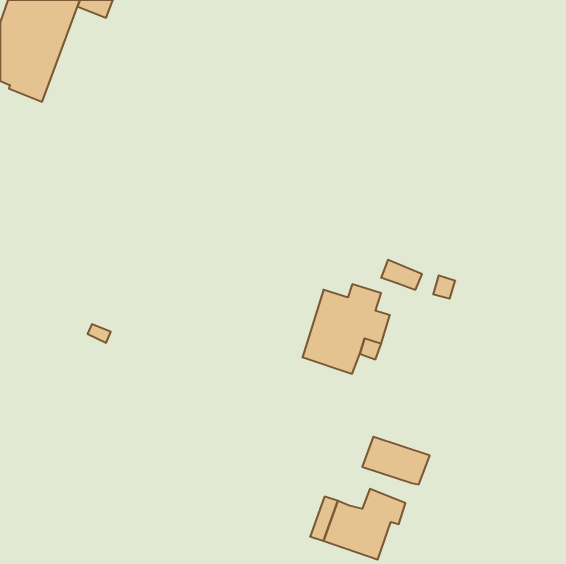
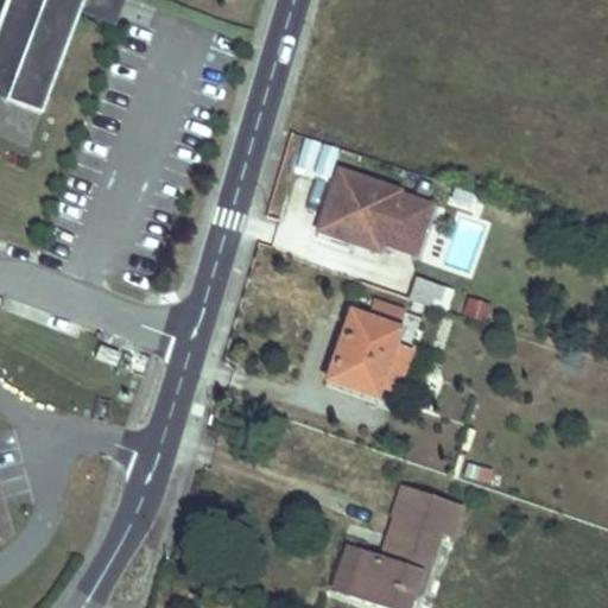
building: none -> [310,166,435,254]
building: none -> [374,502,442,547]

